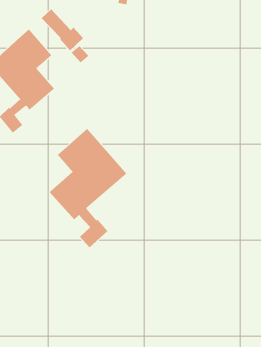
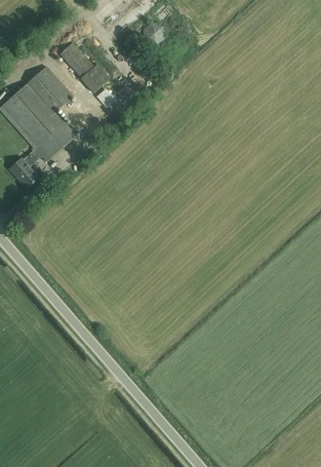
building: [49,128,127,248] -> none

